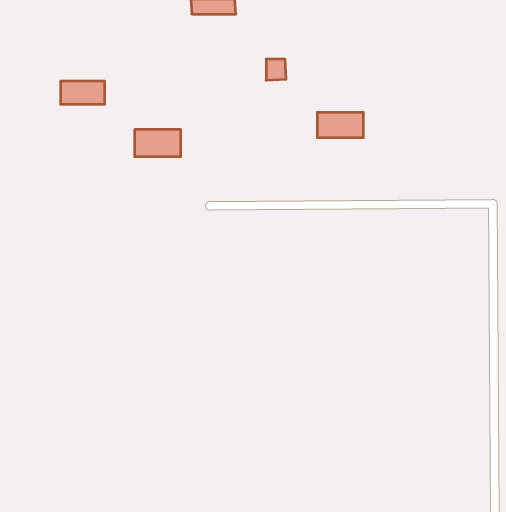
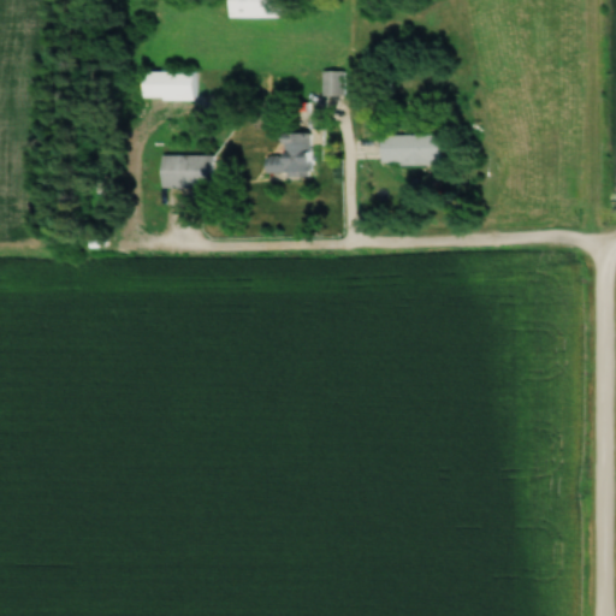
building: [61,81,105,104] -> [147,72,200,100]
building: none -> [265,132,307,174]

